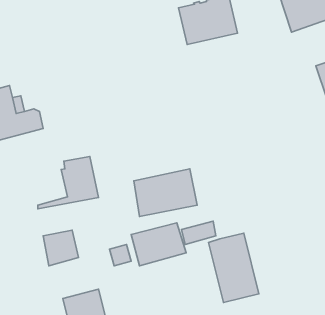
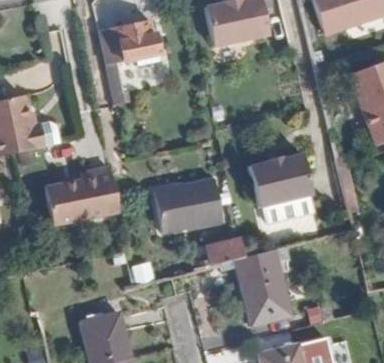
building: none -> [102,20,156,103]
building: none -> [251,154,315,207]
building: [131,223,186,266] -> none
building: [43,230,79,266] -> [47,182,85,220]

